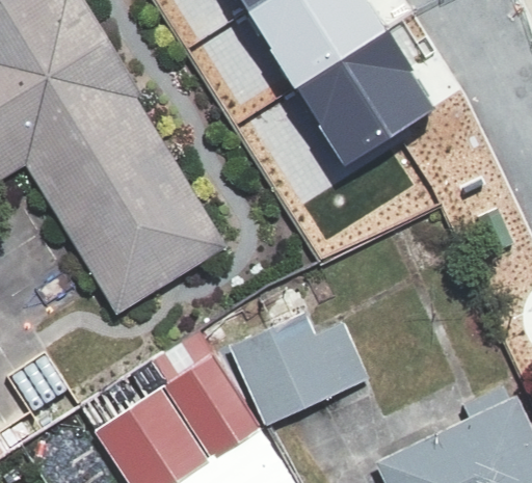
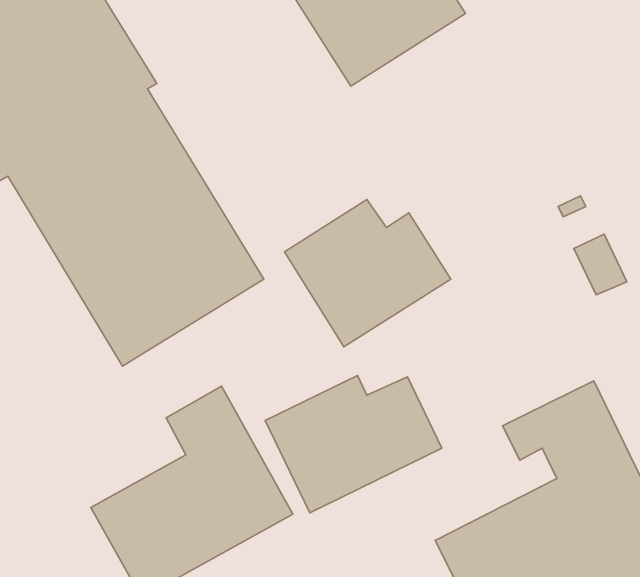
building: [297,36,436,170] -> none
building: none -> [285,199,451,347]

